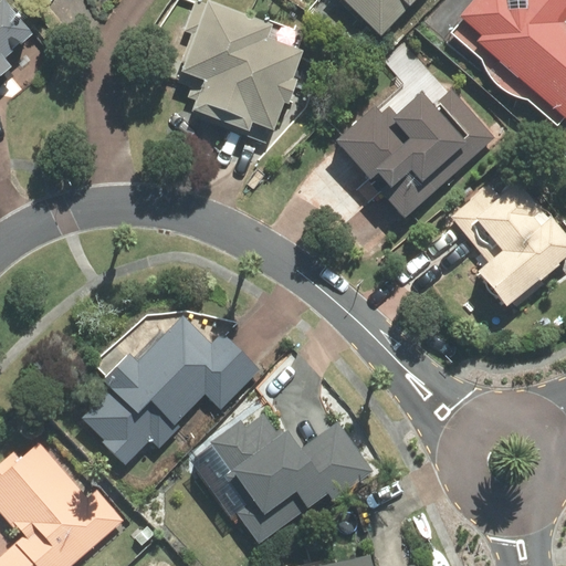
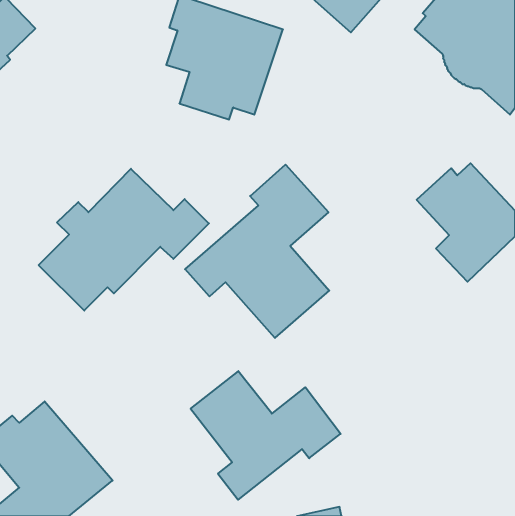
building: [335,90,496,220] -> none
building: none -> [185,165,329,338]
building: [75,311,261,465] -> [39,169,209,311]

